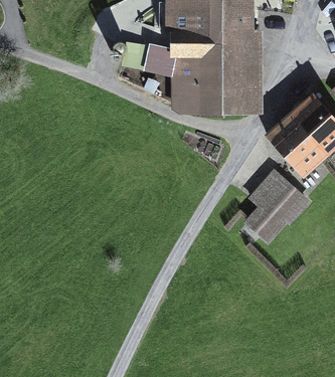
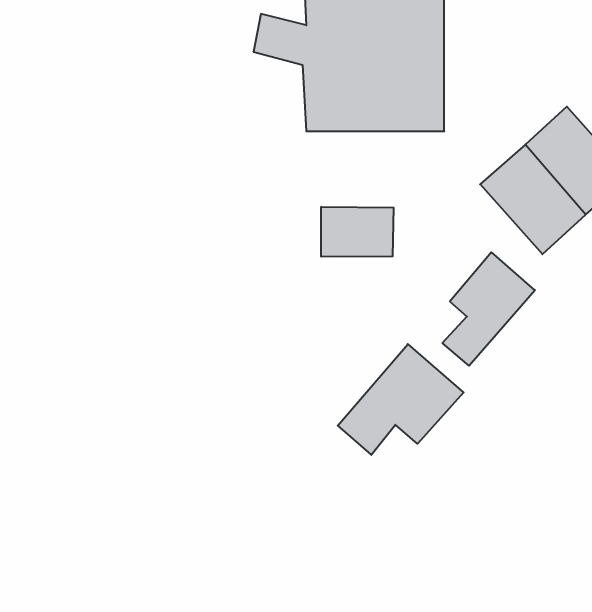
building: none -> [321,207,394,257]
building: none -> [338,344,464,455]

